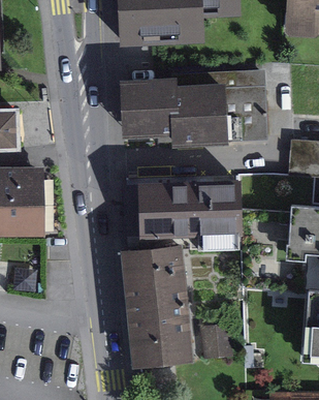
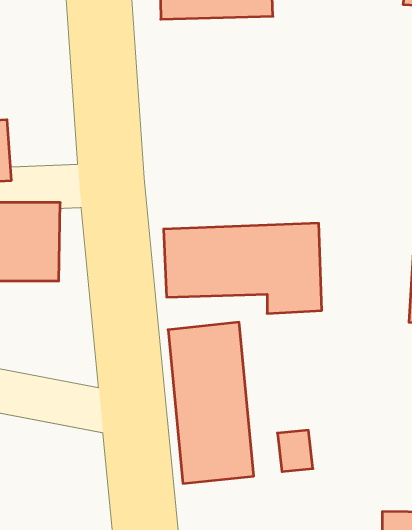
building: [125,73,240,139] -> none

